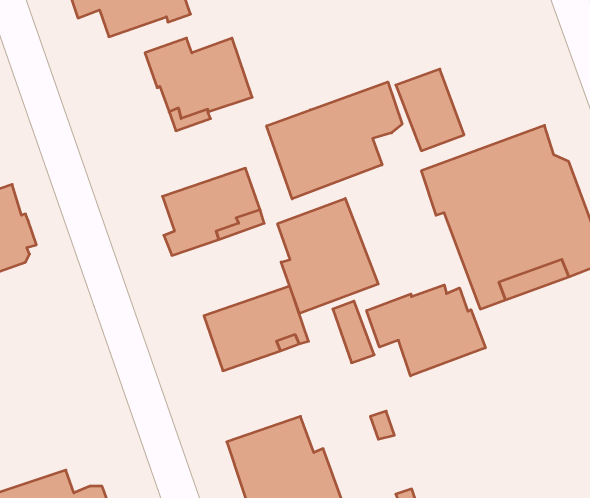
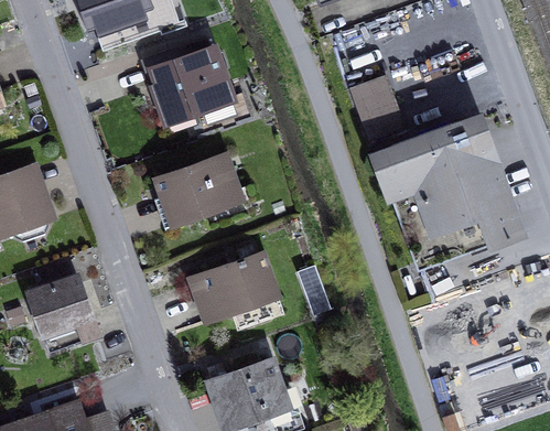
building: [267,82,402,199] -> none
building: [278,198,378,314] -> none
building: [367,285,485,376] -> none
building: none -> [31,276,98,349]

